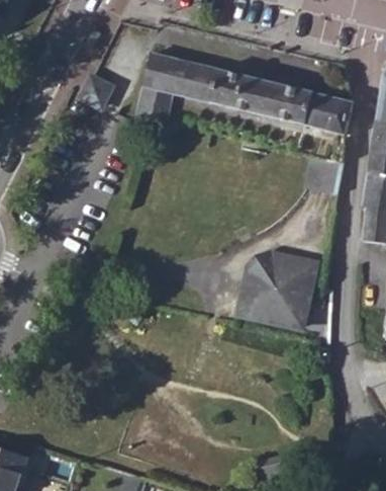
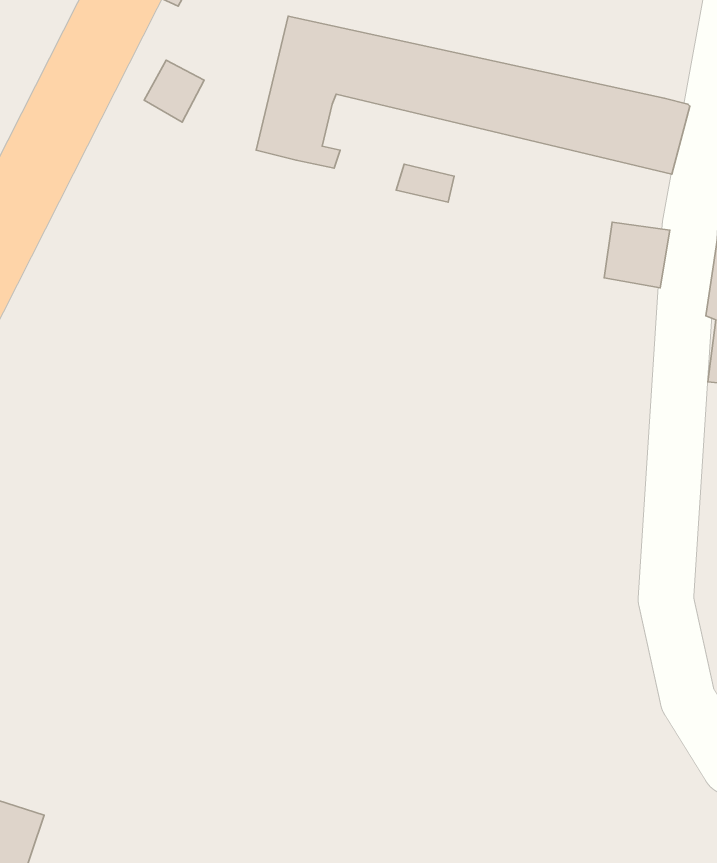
building: [228,248,318,334] -> none

